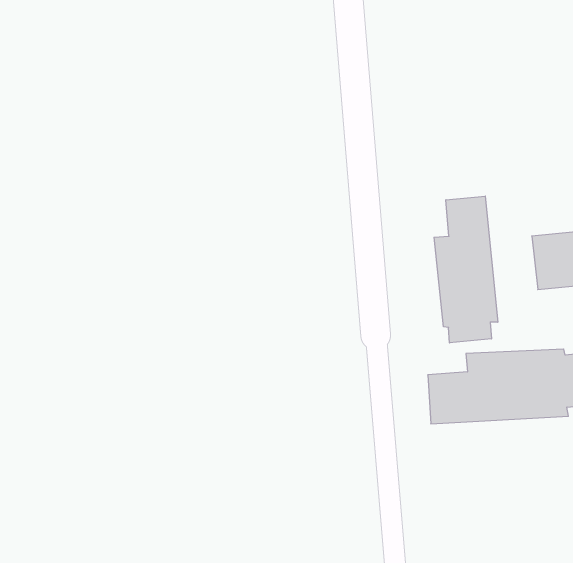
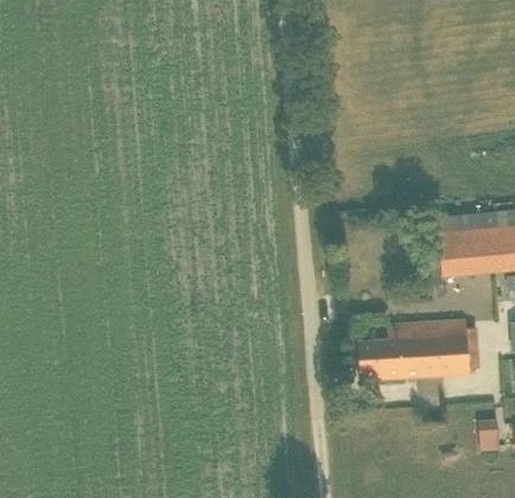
building: [434,196,498,343] -> none

